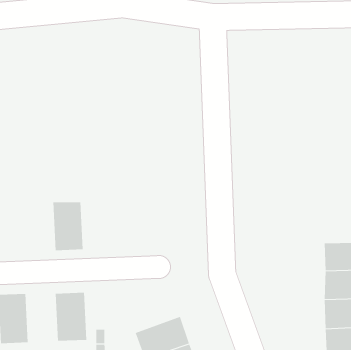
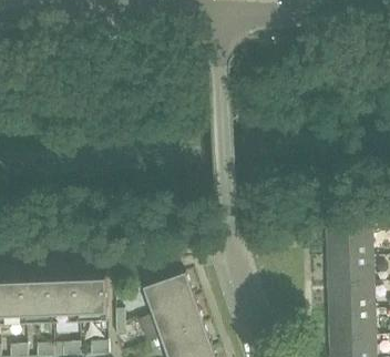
building: [53,202,84,251] -> [51,274,80,319]
building: none -> [143,269,194,310]

